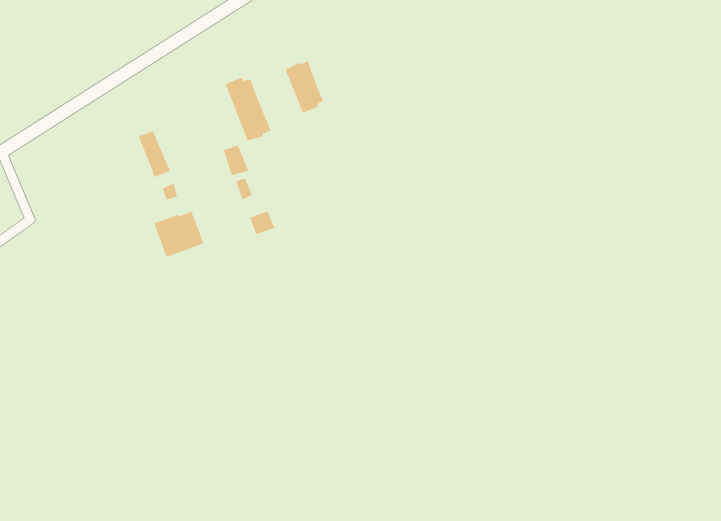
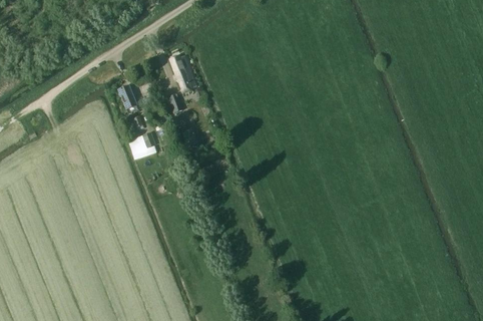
building: [285,61,324,114] -> none

